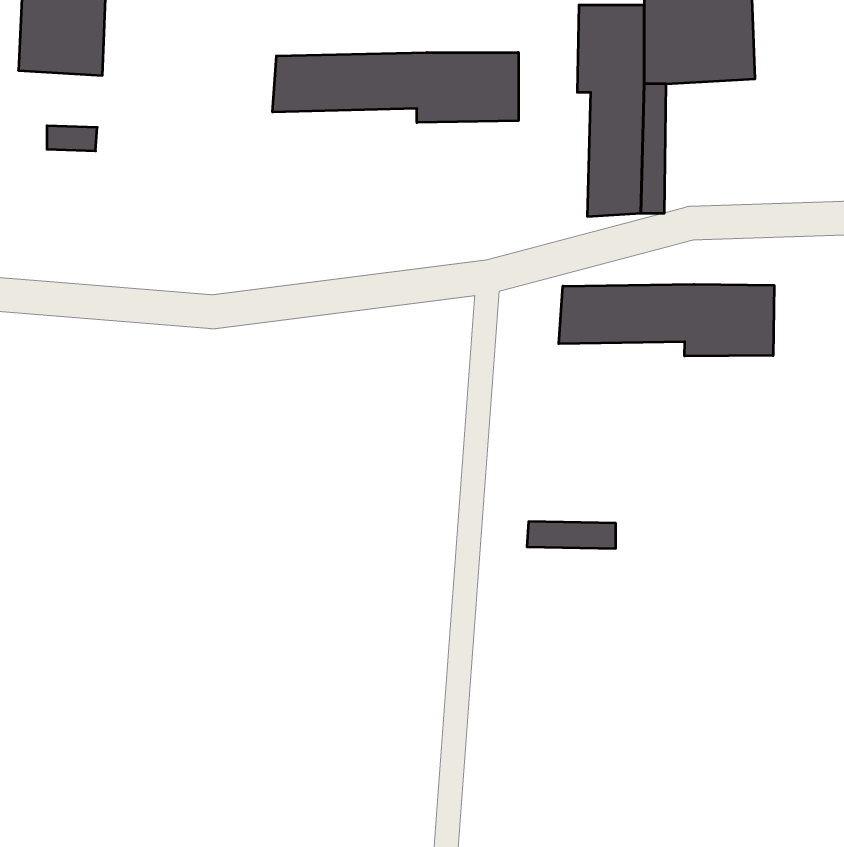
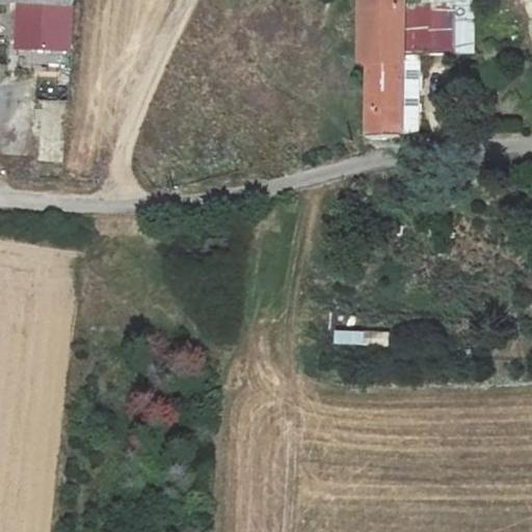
building: [273,52,518,123] -> none
building: [559,284,774,356] -> none

